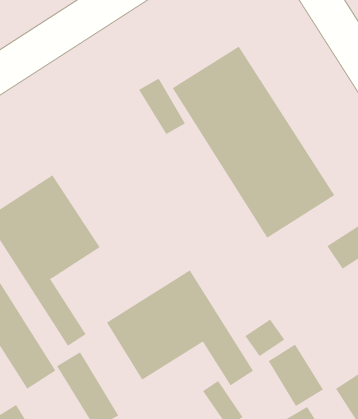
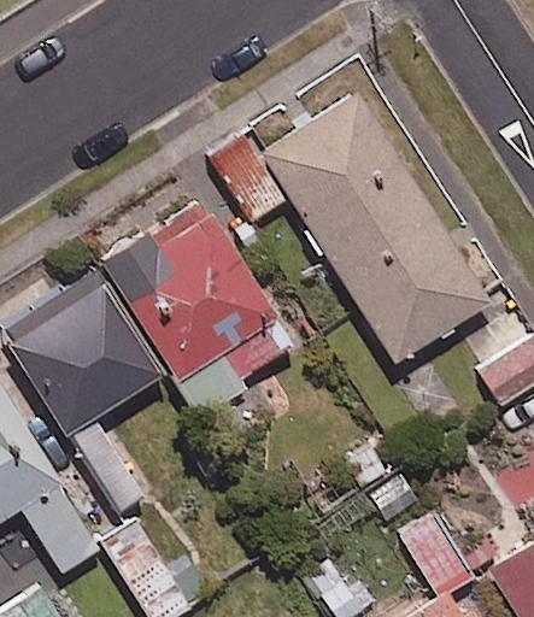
building: none -> [105,213,292,415]
building: [106,269,254,386] -> none

